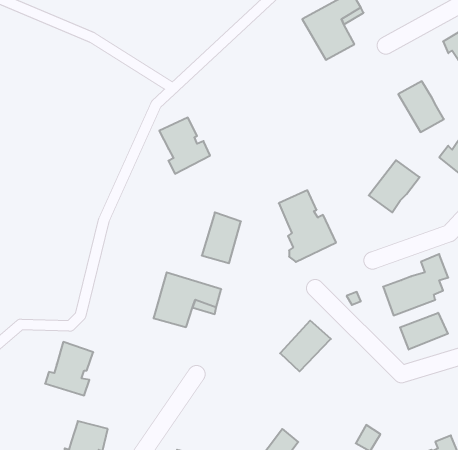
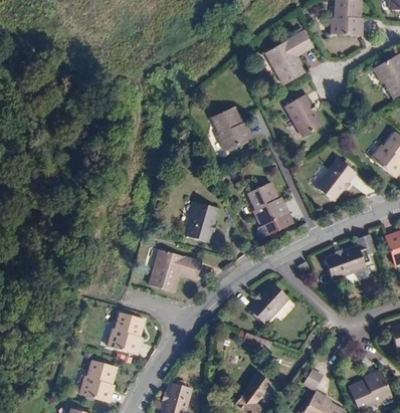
building: [398,81,444,132] -> [285,95,321,135]
building: [159,118,210,174] -> [213,109,252,152]
building: [400,313,448,350] -> none
building: [45,342,93,395] -> [105,315,142,356]

